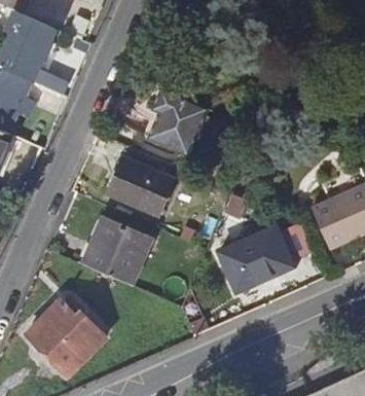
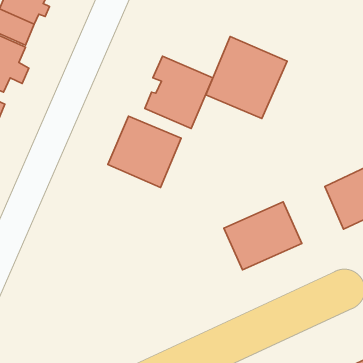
building: none -> [206,36,287,119]
building: [83,218,150,285] -> none
building: [26,299,105,373] -> none

